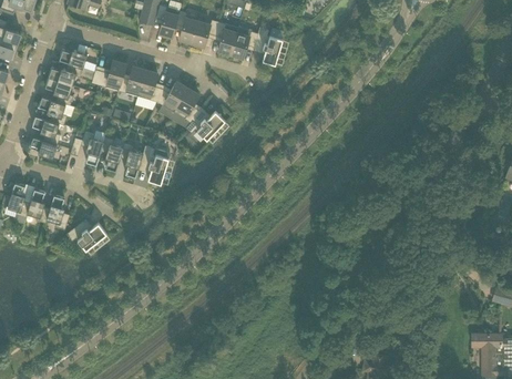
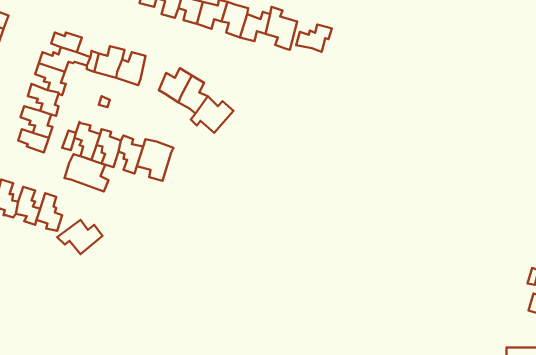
building: none -> [296,25,332,52]
building: [139,71,164,102] -> none
building: none -> [64,154,109,191]

